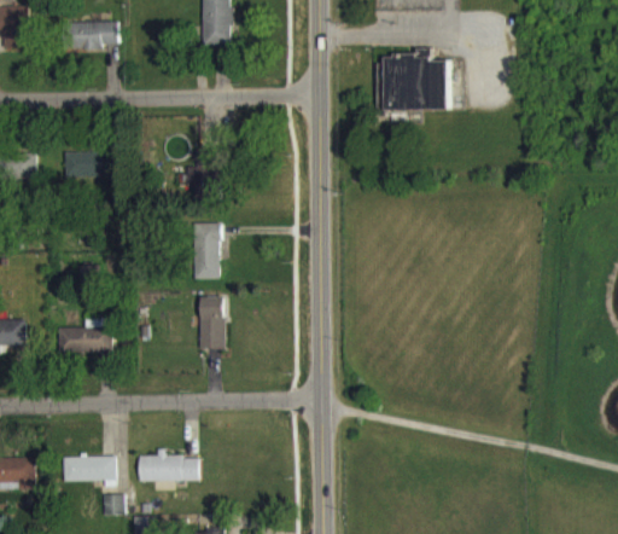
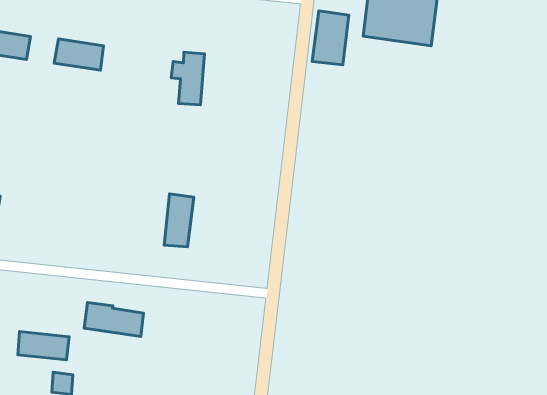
building: none -> [312,11,349,65]
building: [192,224,220,280] -> none
building: [58,319,112,353] -> none
building: [139,454,198,482] -> [84,303,144,336]

